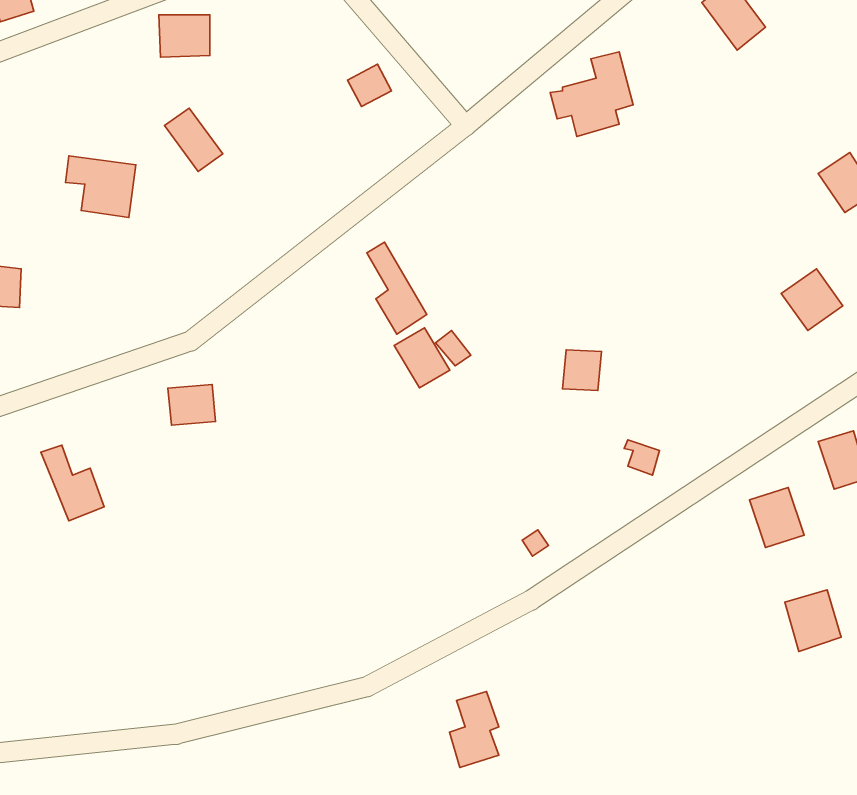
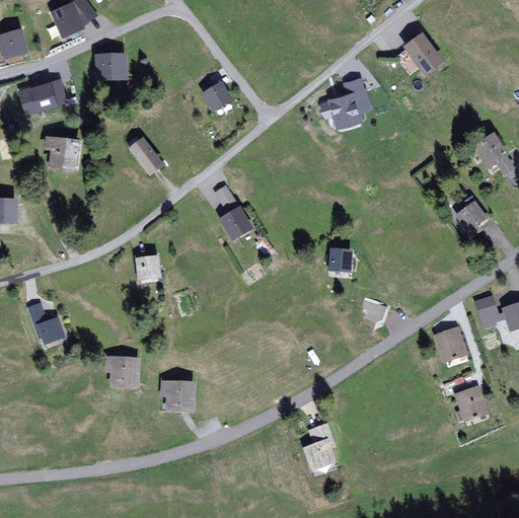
building: none -> [21,77,64,108]
building: [165,108,223,171] -> [129,139,162,175]
building: [394,328,450,388] -> none
building: [168,385,216,425] -> [134,256,161,280]
building: none -> [103,356,139,386]
building: none -> [158,380,196,412]
building: [449,692,499,767] -> [304,424,332,467]

